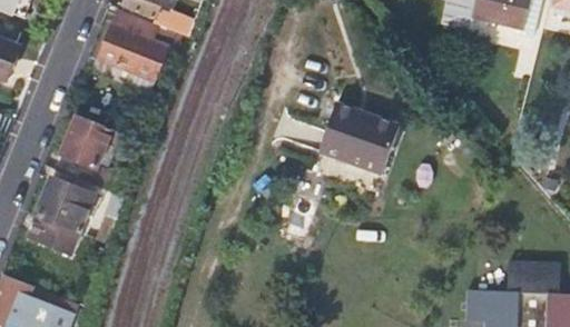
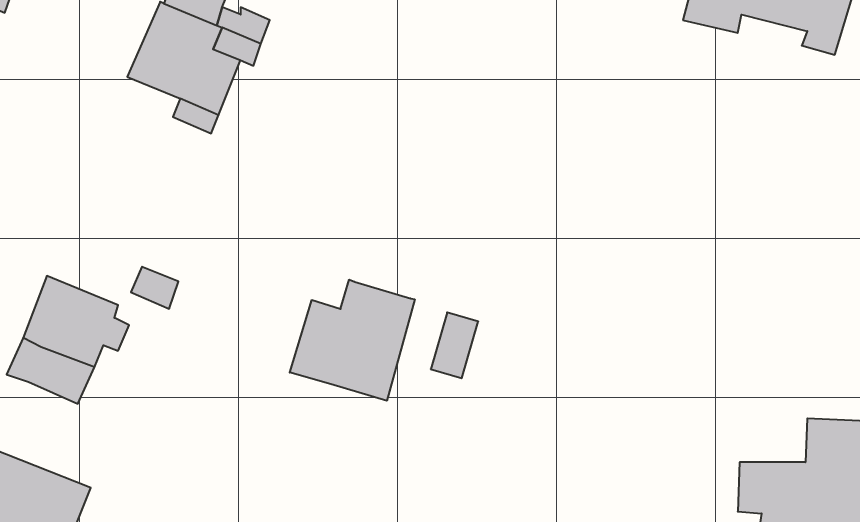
building: [318,98,400,169] -> none
building: [60,108,144,167] -> none
building: none -> [290,280,415,401]

